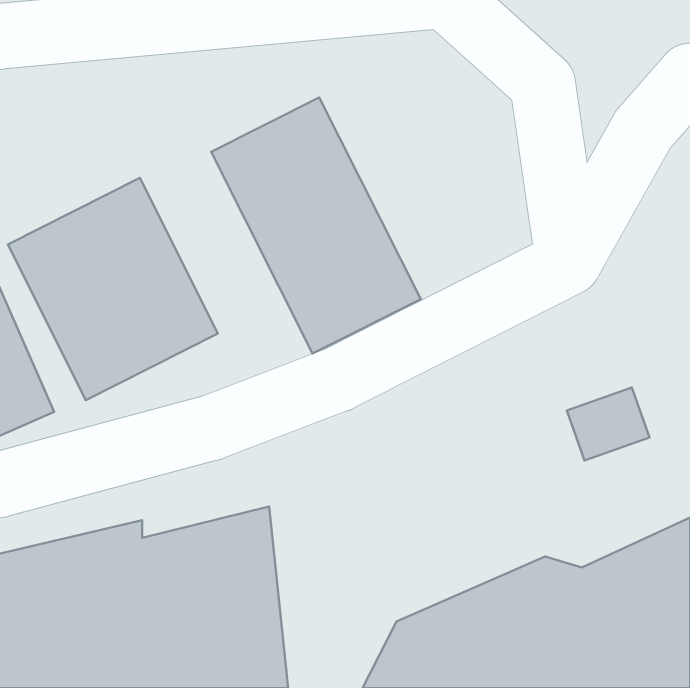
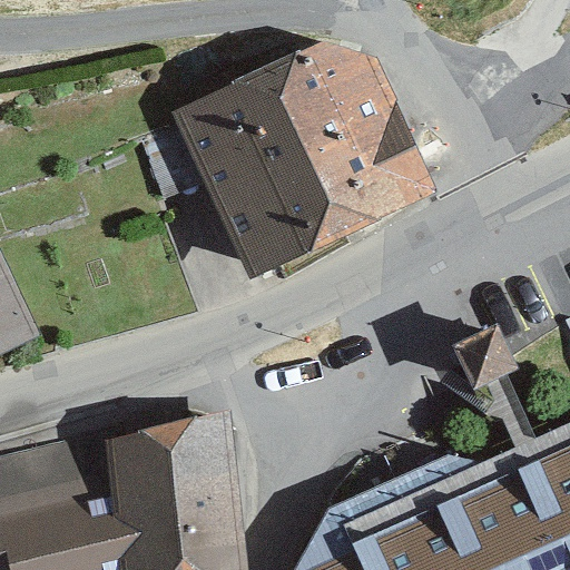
building: none -> [263,37,433,246]
building: [8,178,218,400] -> none

